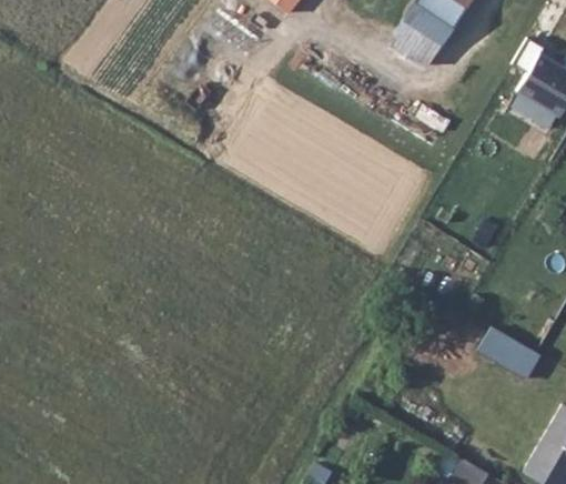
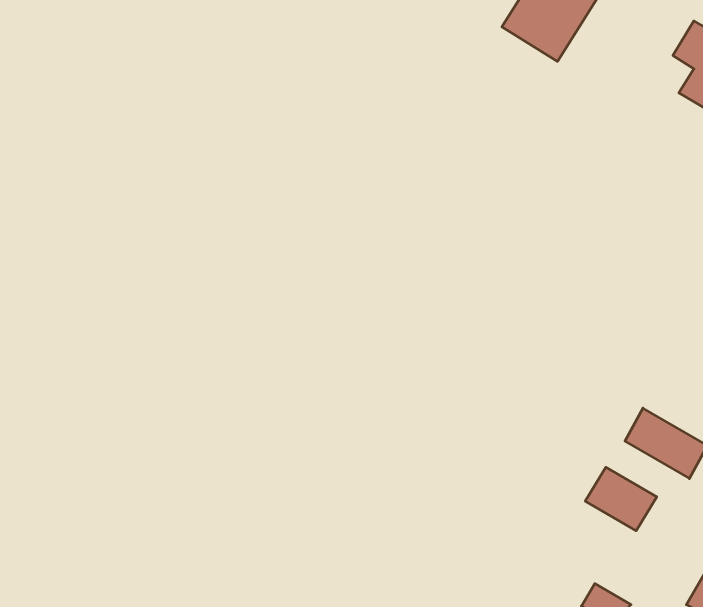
building: none -> [585,467,657,531]

